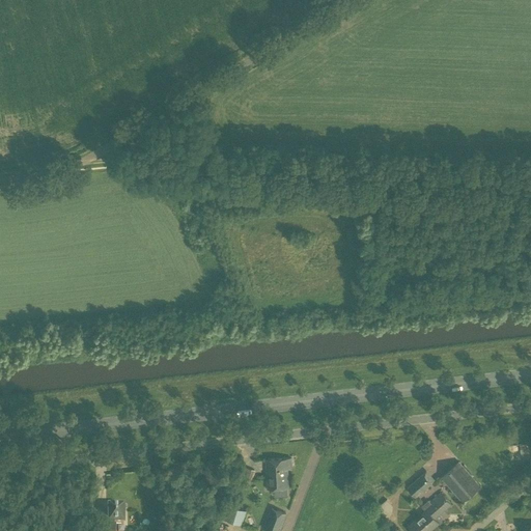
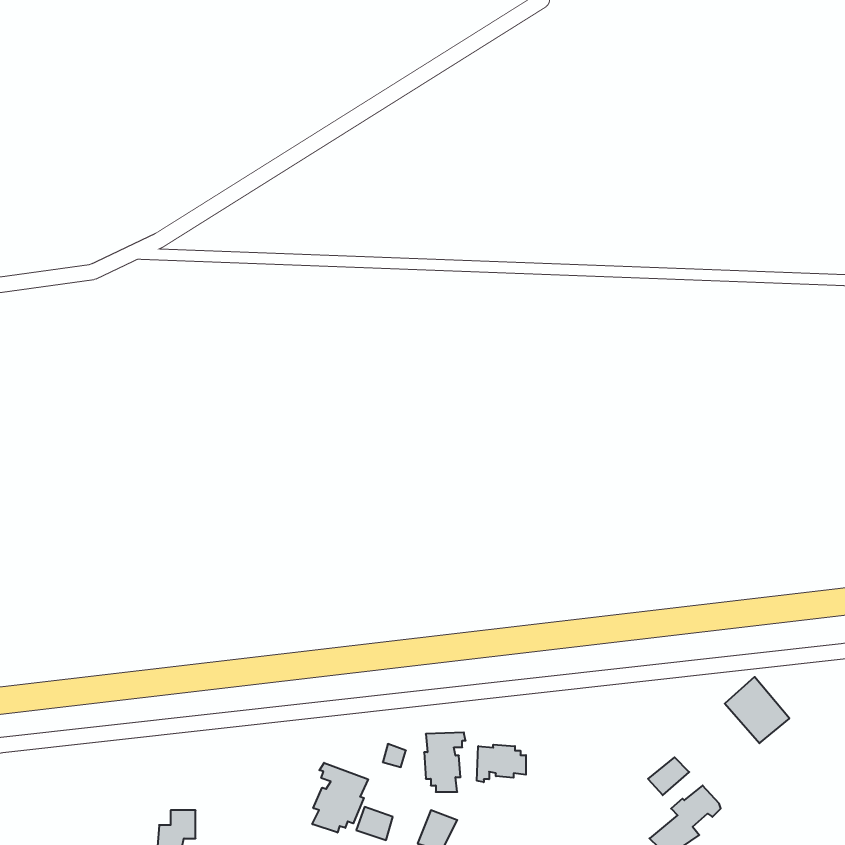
building: [440,462,480,503] -> [725,677,789,743]
building: none -> [477,745,526,782]
building: none -> [312,763,368,833]

